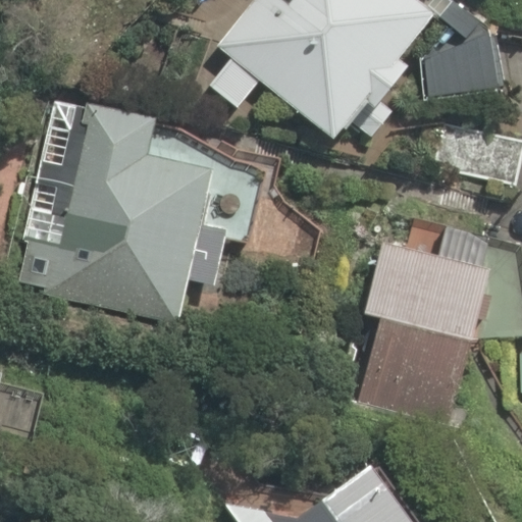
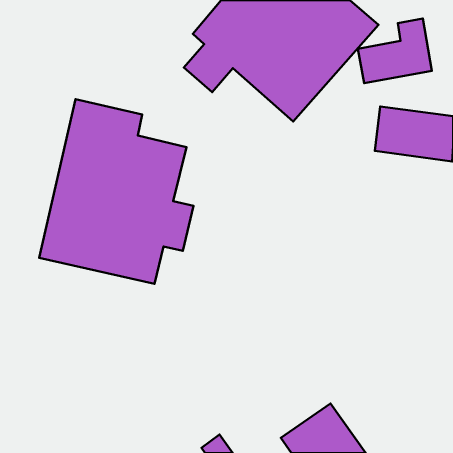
building: [359,231,492,417] -> none

